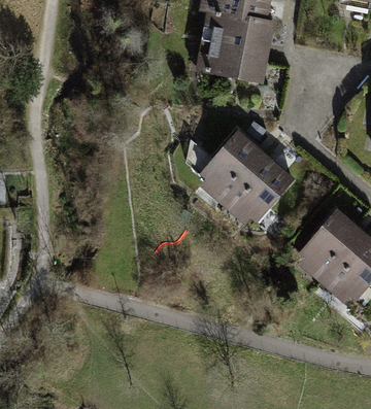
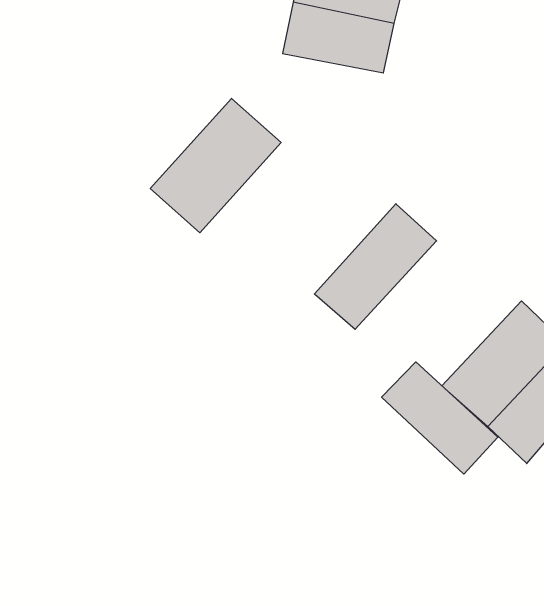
building: [191,131,267,209] -> [150,98,281,233]
building: none -> [382,362,498,474]

